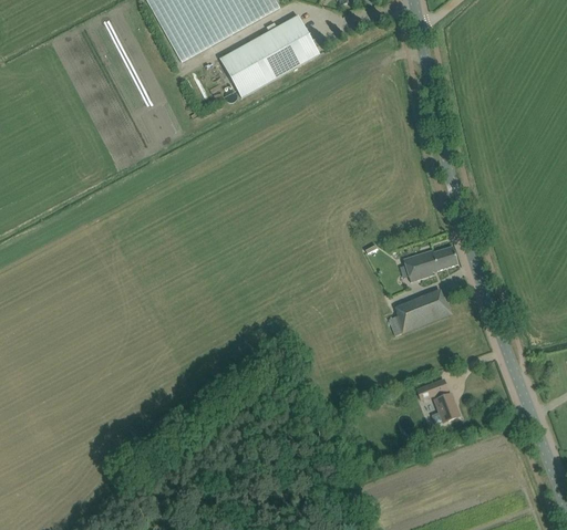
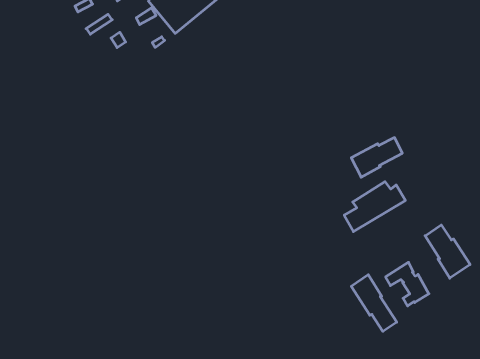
building: none -> [425,225,470,278]
building: none -> [351,275,397,331]

